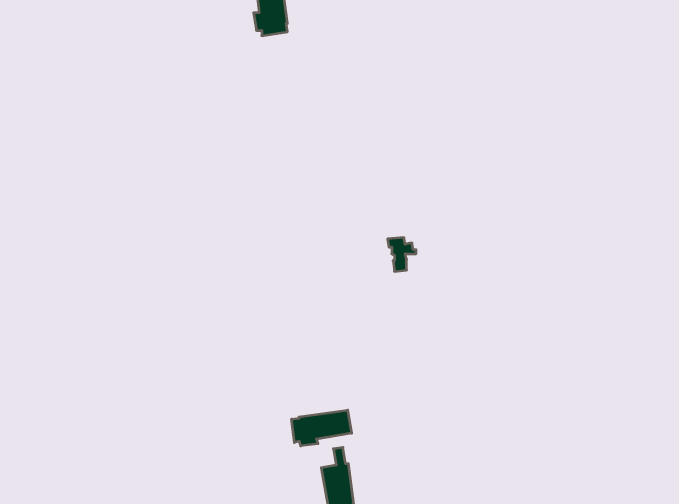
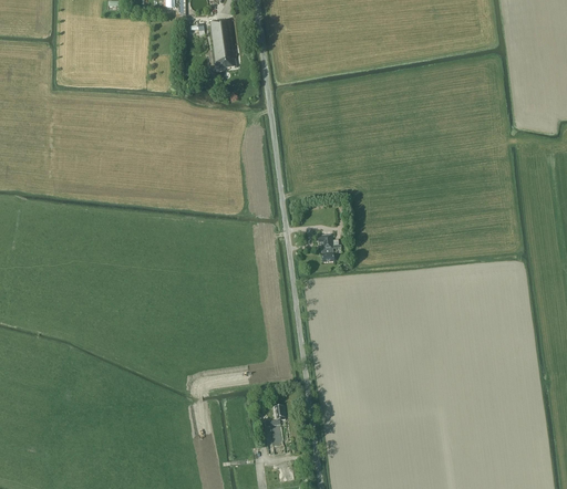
building: [292,410,352,446] -> none

